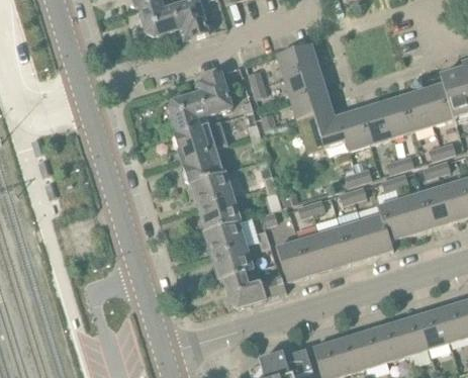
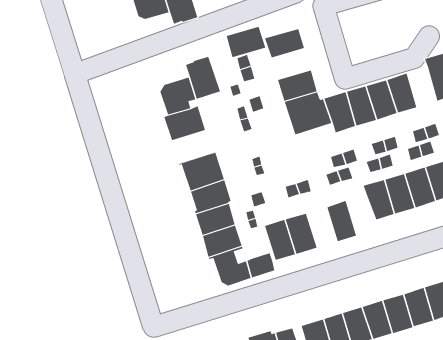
building: [283,63,324,95] -> [226,26,266,58]
building: [423,82,453,123] -> none
building: [181,147,223,181] -> none
building: [360,212,393,255] -> none
building: [319,225,351,267] -> none

